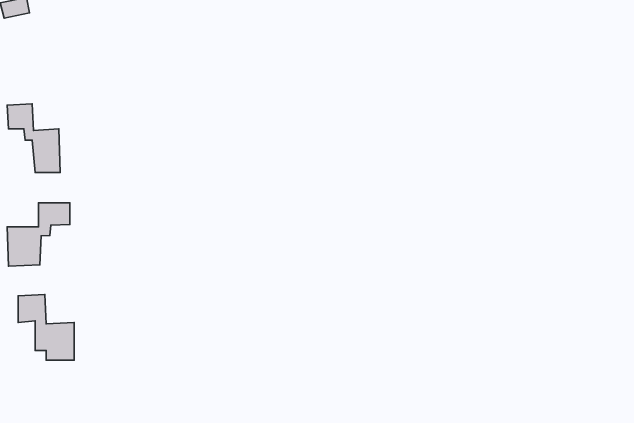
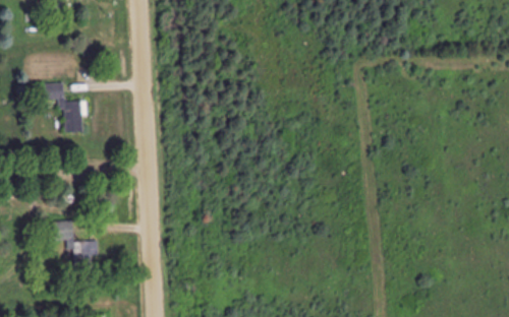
building: [7,203,70,266] -> none

